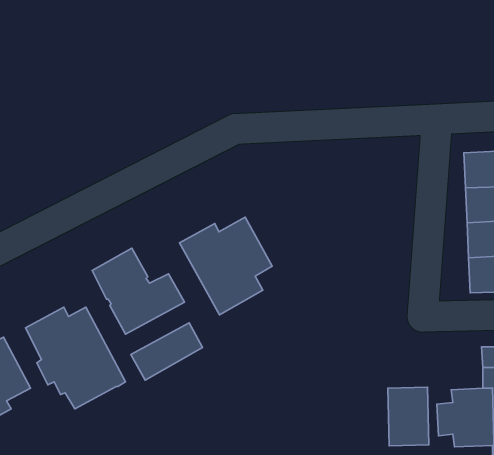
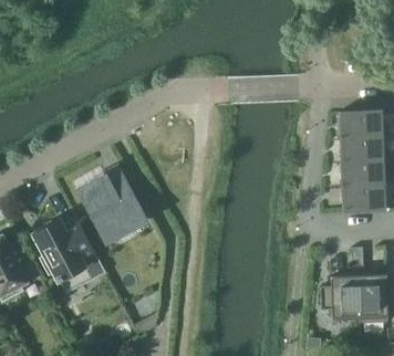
building: [180,217,272,315] -> none
building: [131,323,203,380] -> none
building: [388,387,429,446] -> none

